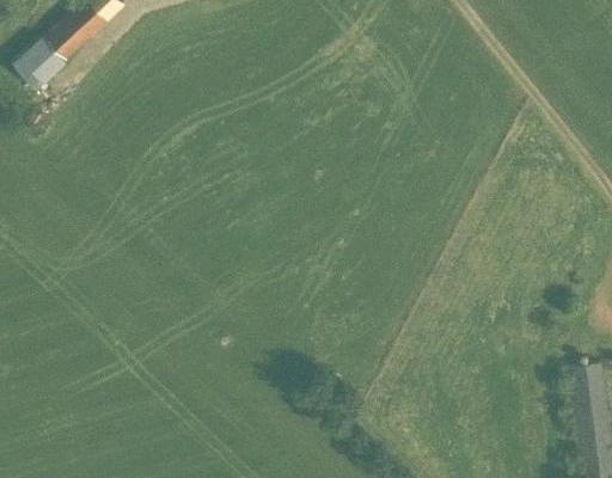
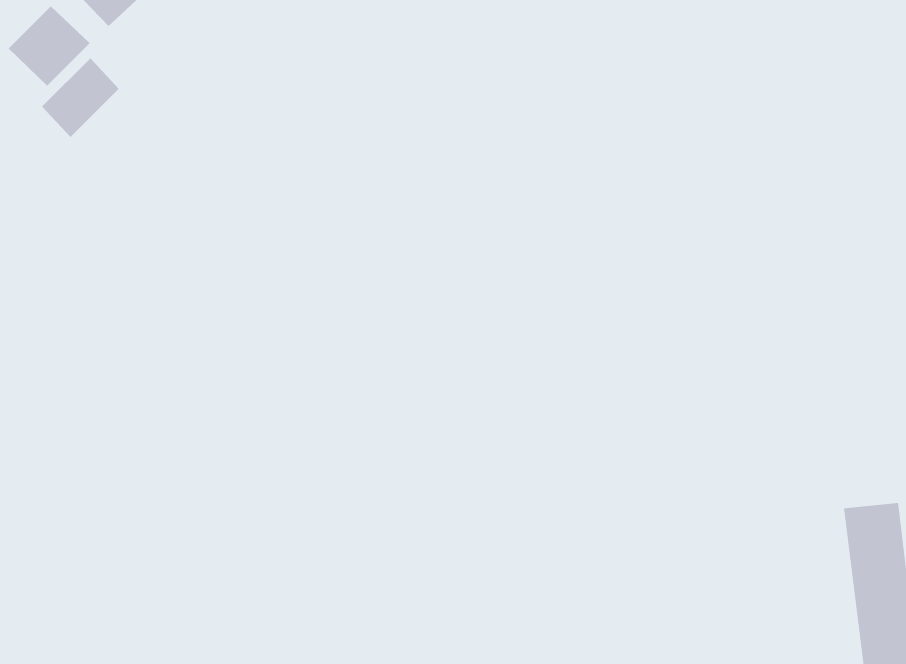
building: none -> [41,57,120,138]

